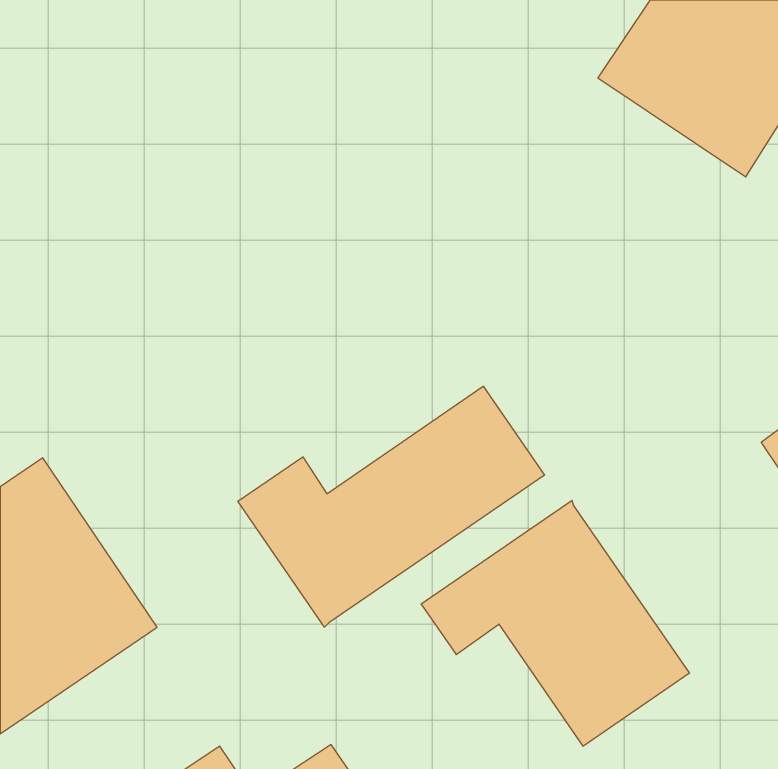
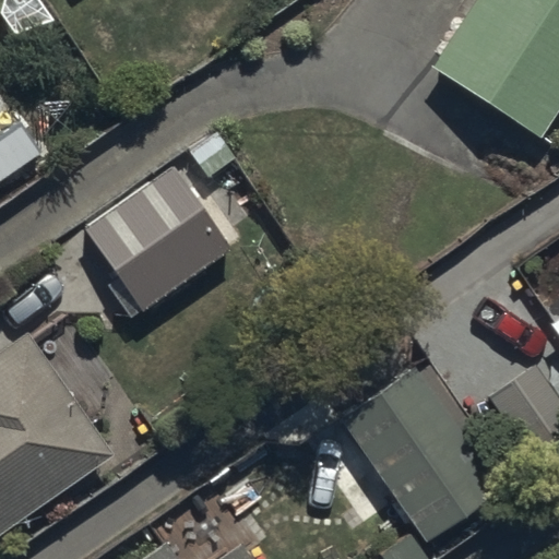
building: none -> [85,167,233,311]
building: [238,386,544,627] -> none

